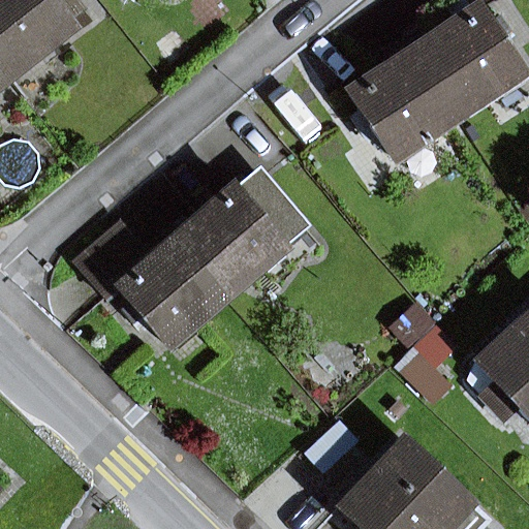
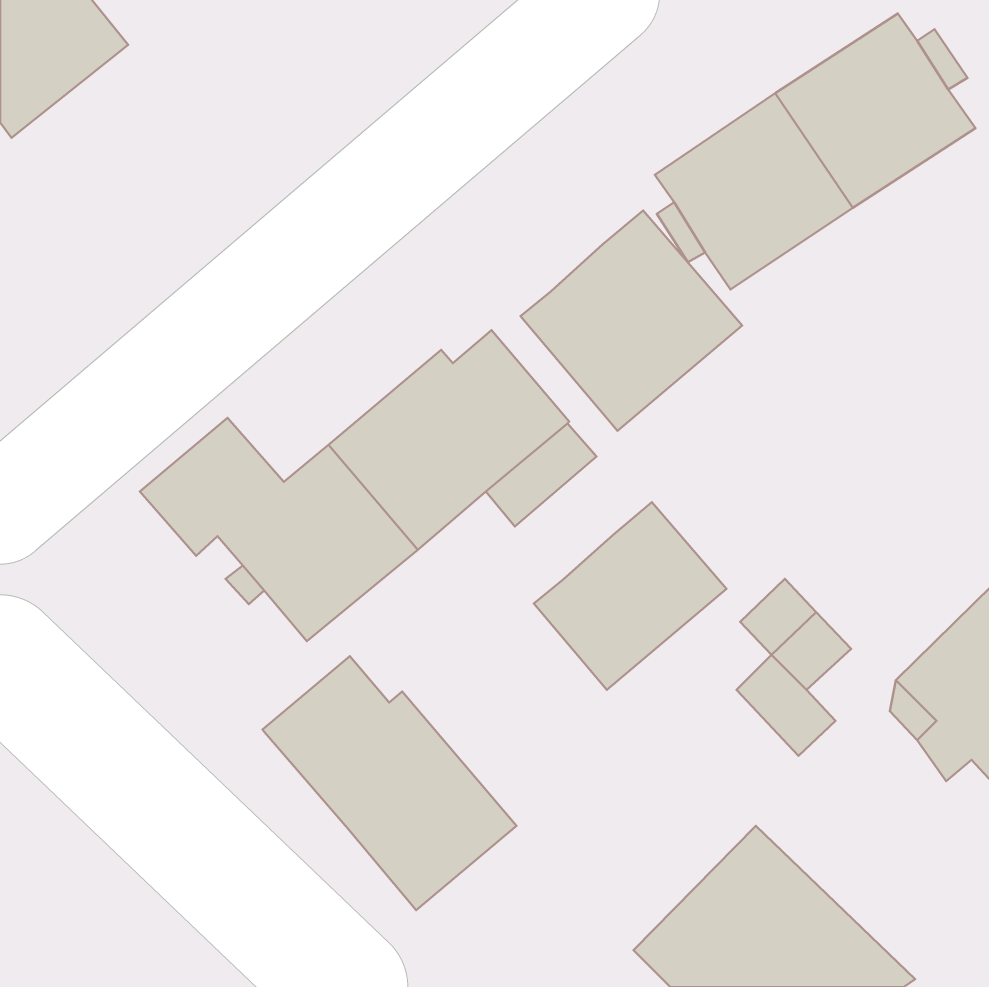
building: none -> [521,210,742,431]
building: none -> [534,502,727,690]
building: none -> [263,656,516,910]

